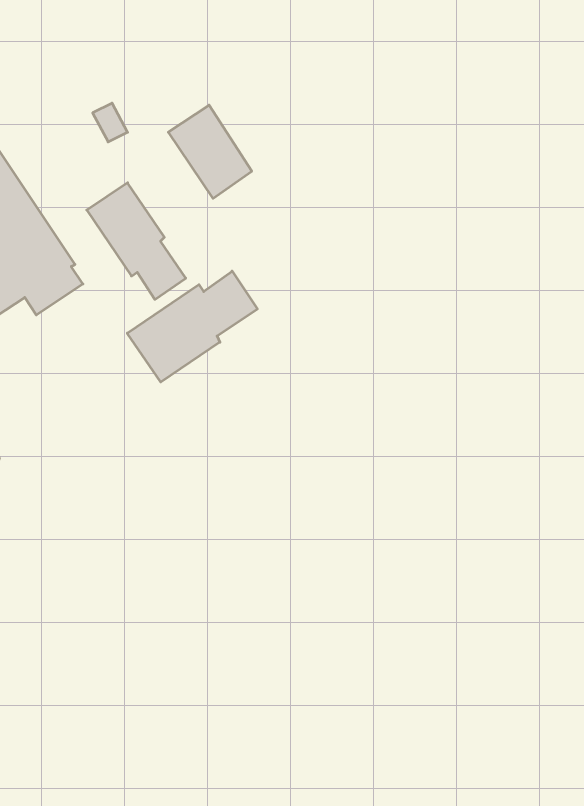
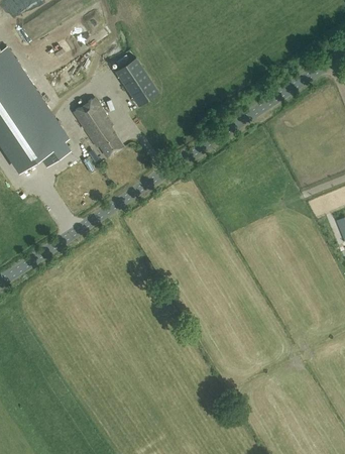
building: [127,271,257,382] -> none

